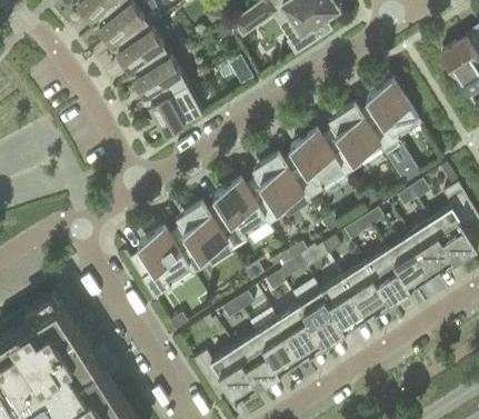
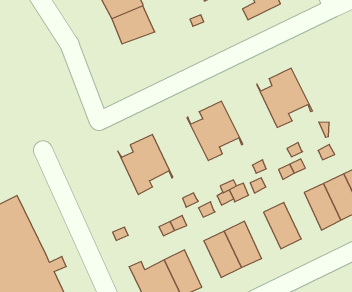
building: [355,78,423,150] -> none
building: [153,81,204,128] -> none
building: [278,128,347,199] -> none
building: [202,177,271,248] -> none
building: [126,226,194,298] -> none
building: [366,247,413,301] -> none
building: [322,276,369,330] -> none
building: [257,318,303,372] -> none

